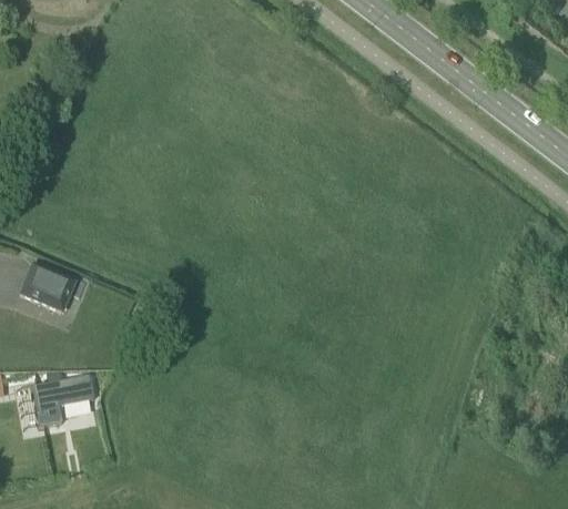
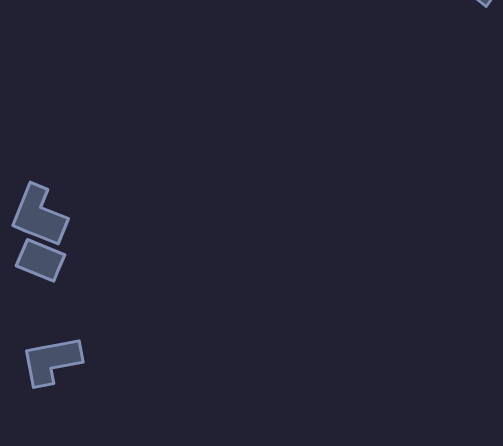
building: none -> [13,182,69,244]

